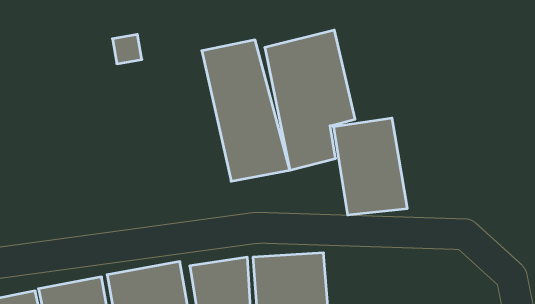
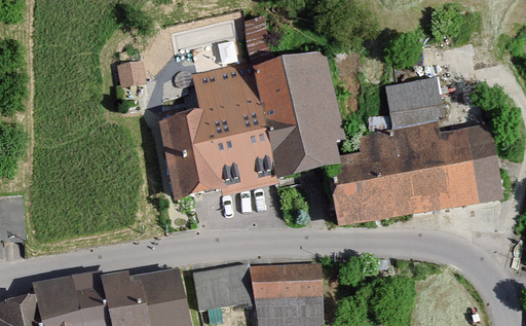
building: none -> [383,70,440,108]
building: none -> [157,109,221,203]
building: none -> [381,120,501,216]

